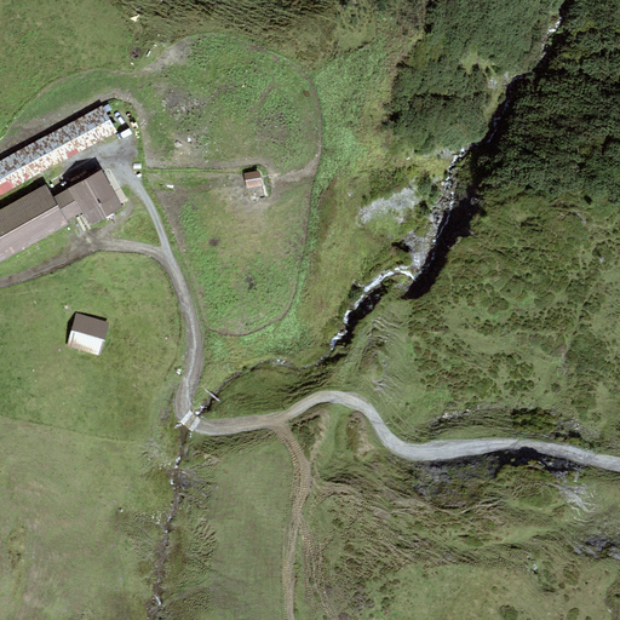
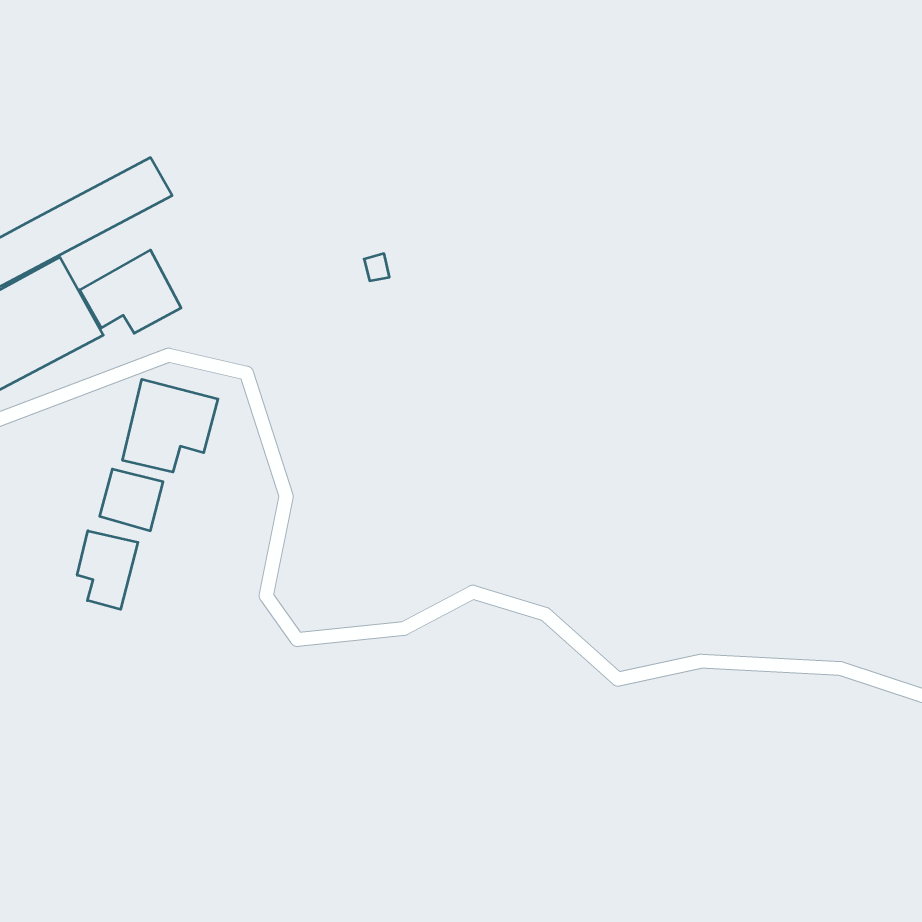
building: none -> [123,379,218,472]
building: none -> [77,531,138,609]

